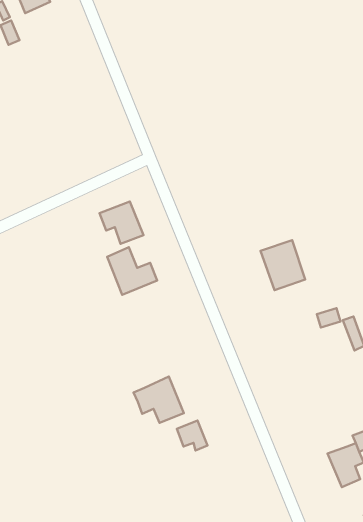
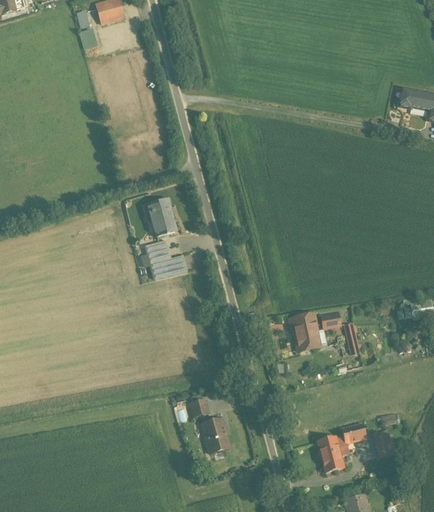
building: [260,240,305,290] -> [289,311,325,353]
building: [134,376,184,423] -> none
building: none -> [201,418,231,454]

